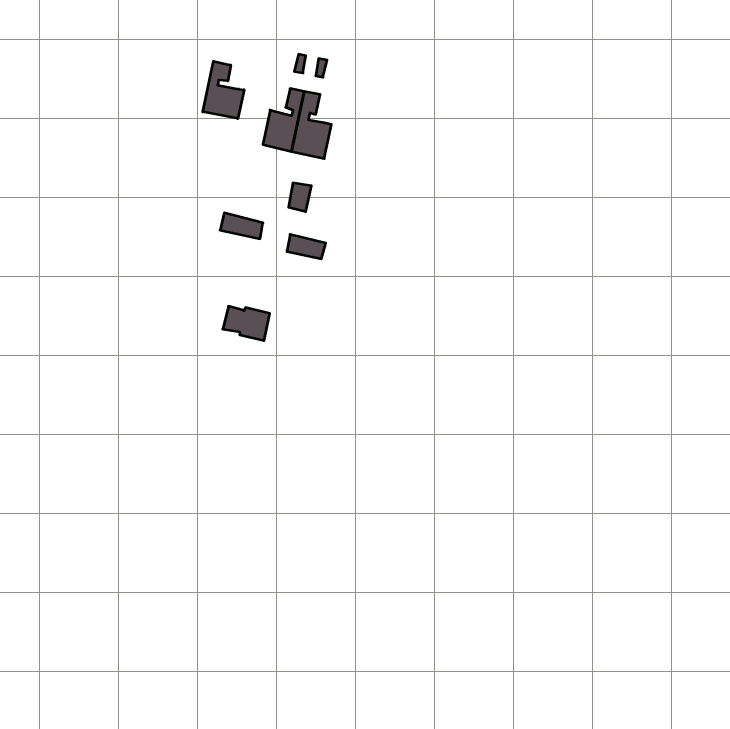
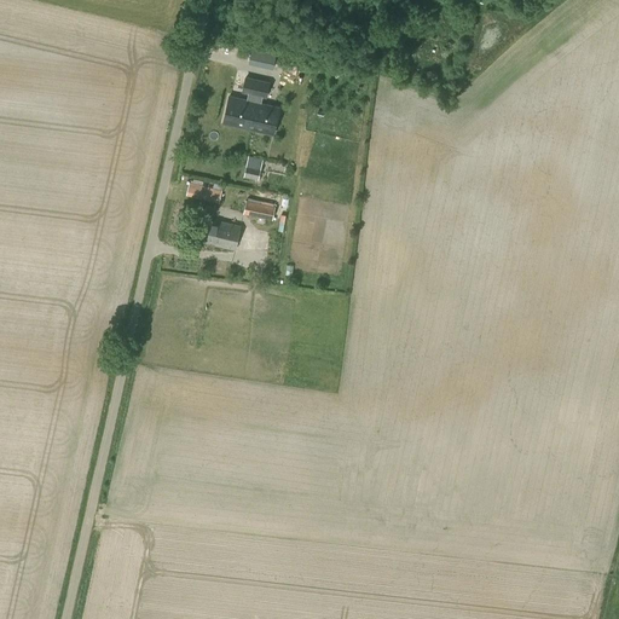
building: [203,61,244,119] -> none
building: [223,306,270,341] -> [201,219,241,248]

